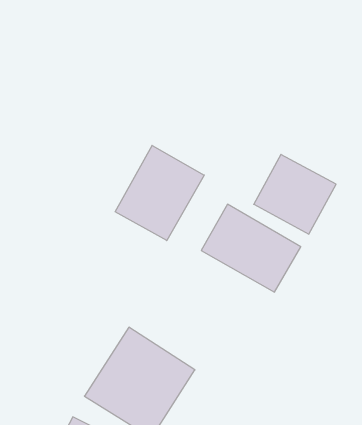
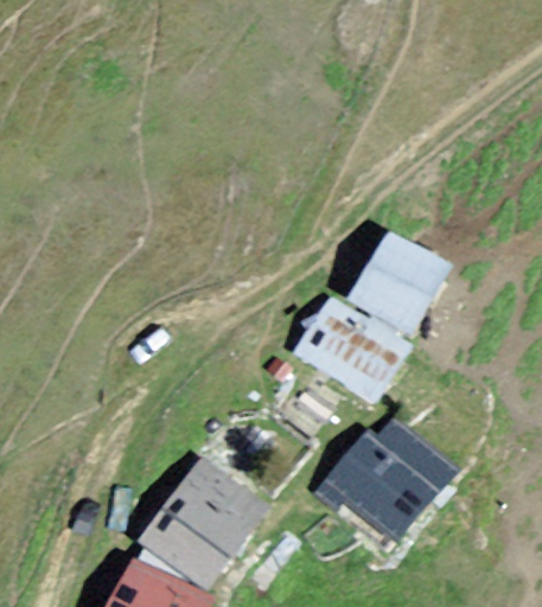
building: [115,145,204,241] -> none
building: none -> [327,421,452,542]

